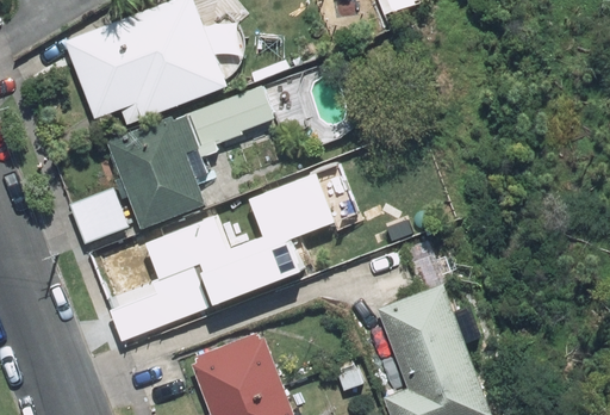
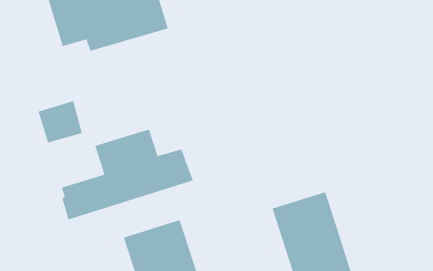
building: [107,85,276,230] -> none
building: [242,172,332,279] -> none

